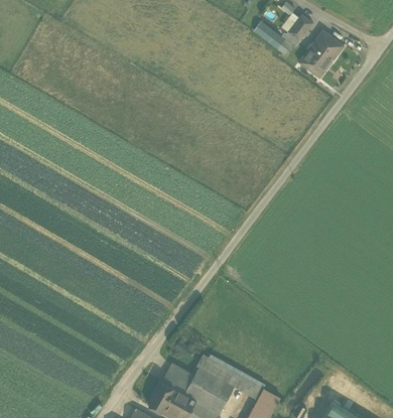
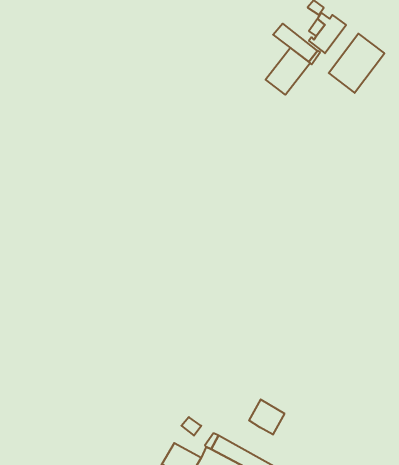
building: none -> [266,48,310,95]
building: none -> [249,399,284,435]

